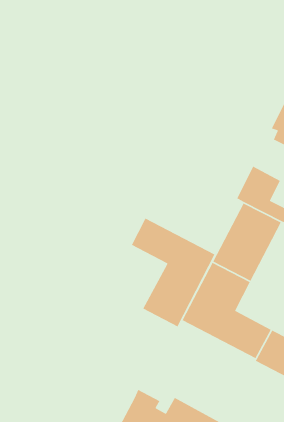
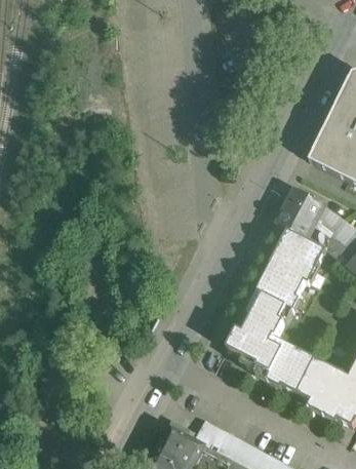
building: [131,217,216,328] -> none

